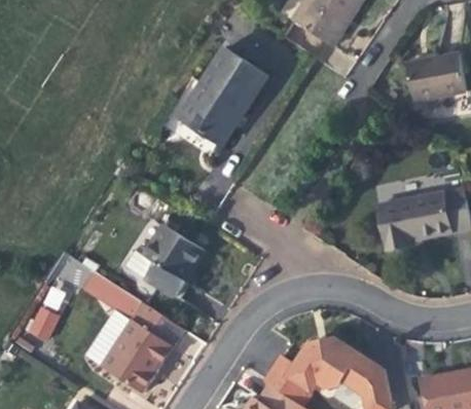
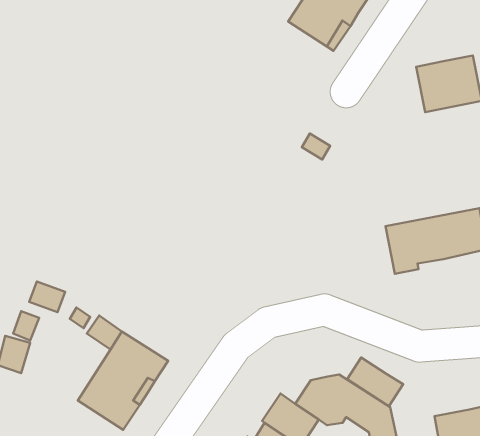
building: [178,50,265,146] -> none
building: [139,222,203,296] -> none
building: none -> [347,358,403,406]

